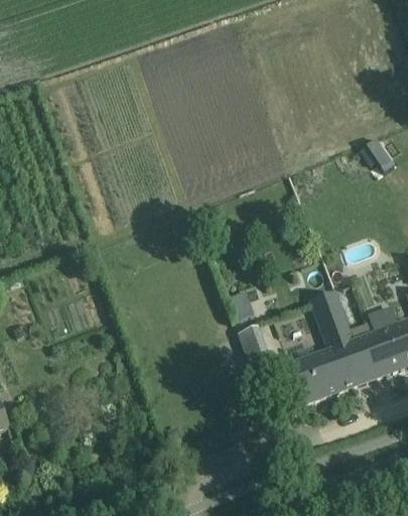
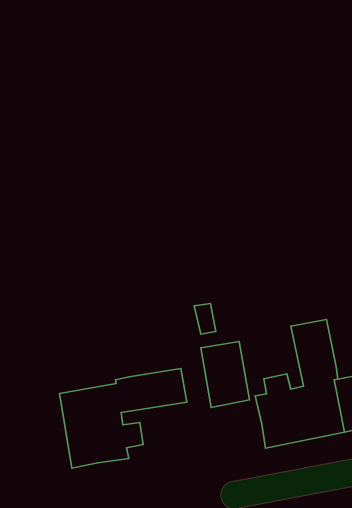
building: none -> [59,368,187,468]

